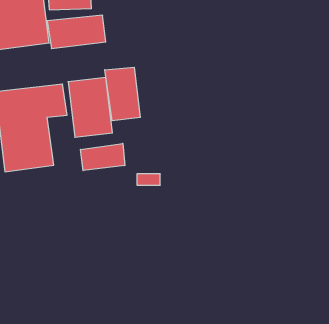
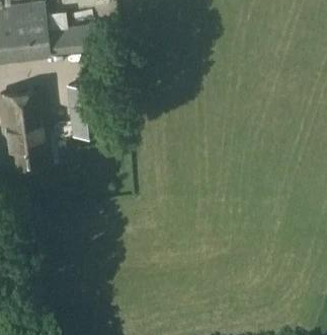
building: [105,67,140,121] -> none
building: [81,143,125,171] -> none

